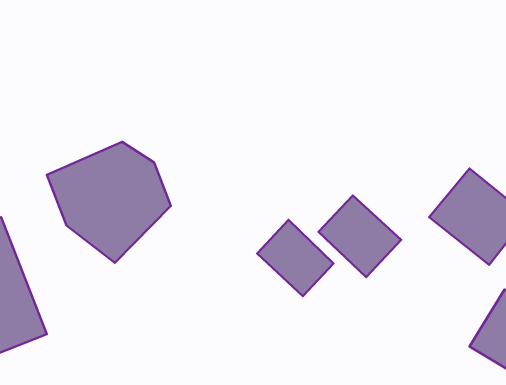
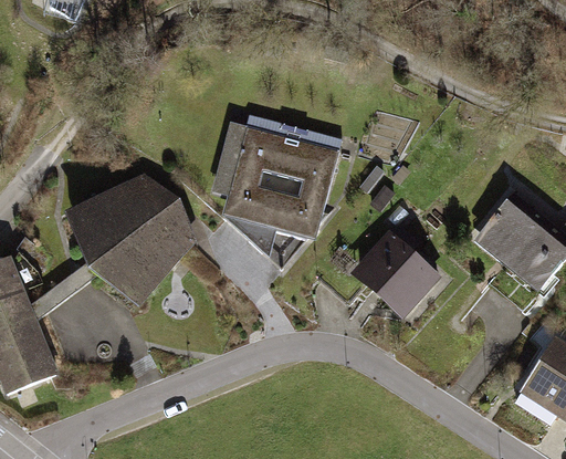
building: none -> [214,115,340,236]
building: [257,220,333,296] -> none

